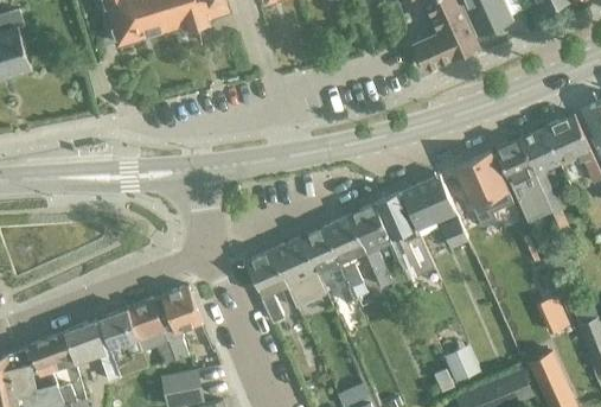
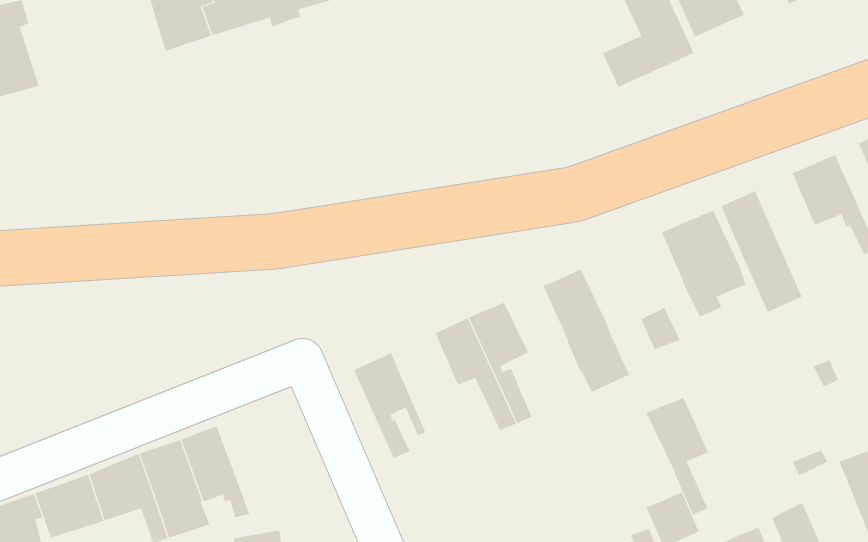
building: [518,128,565,230] -> none
building: [399,176,453,237] -> none
building: [347,205,390,286] -> [646,397,708,515]
building: [270,237,325,307] -> none
building: [152,287,199,361] -> none

